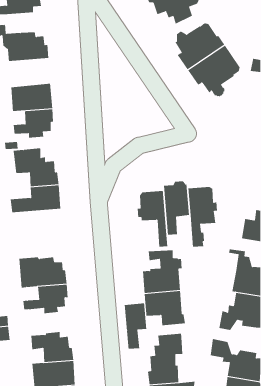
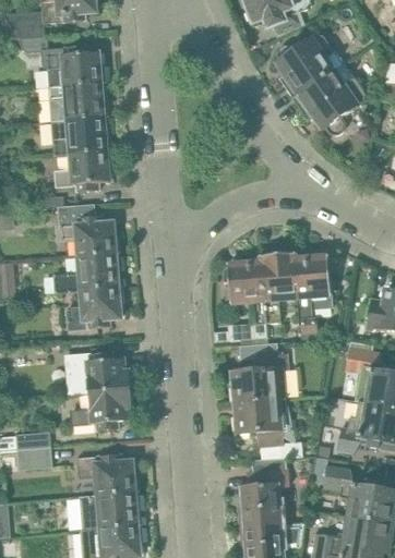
building: none -> [49,83,107,122]
building: none -> [68,288,122,331]
building: [124,303,147,350] -> none

